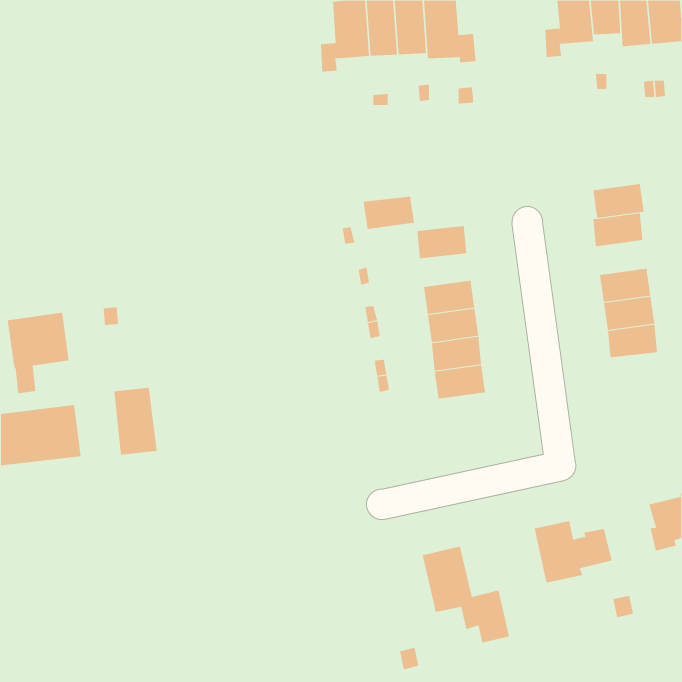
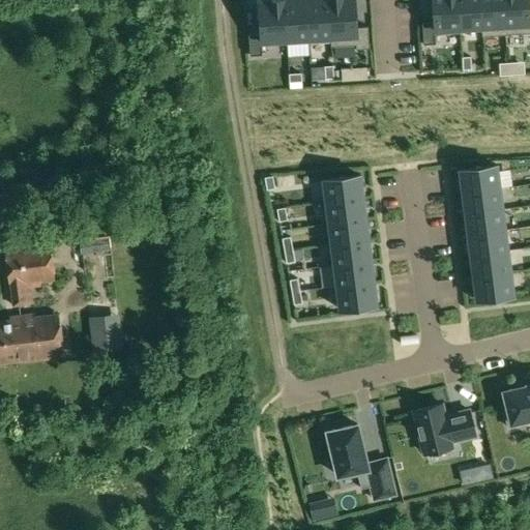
building: [592,184,644,218] -> [462,186,502,213]
building: [363,196,415,230] -> [325,197,365,223]
building: none -> [473,273,513,299]

